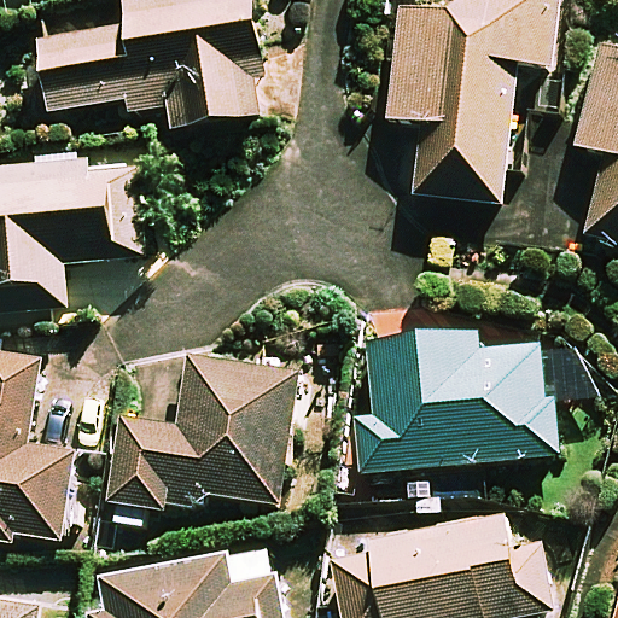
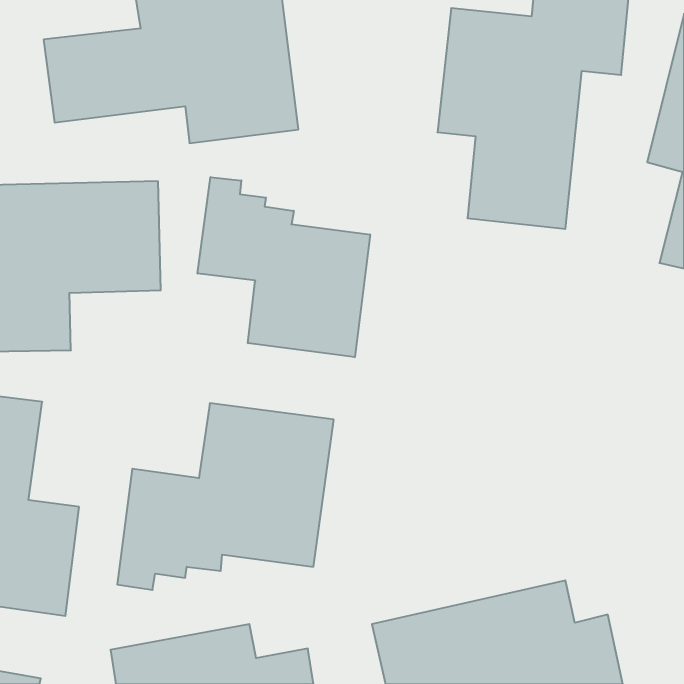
building: none -> [198,177,370,357]
building: [363,334,587,468] -> none

